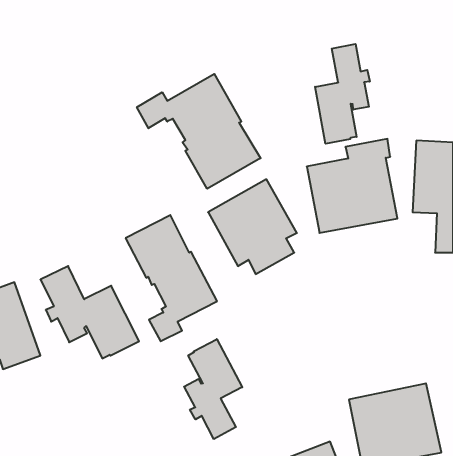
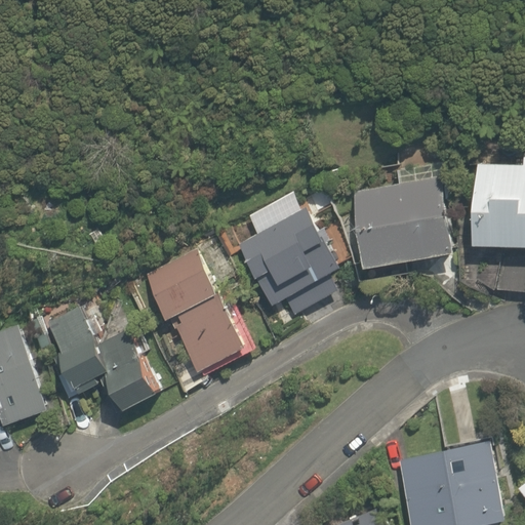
building: [315,44,370,144] -> none
building: [137,74,261,189] -> none
building: [184,339,242,439] -> none

